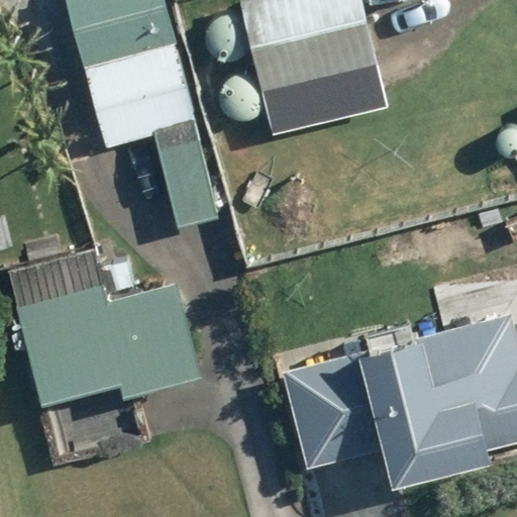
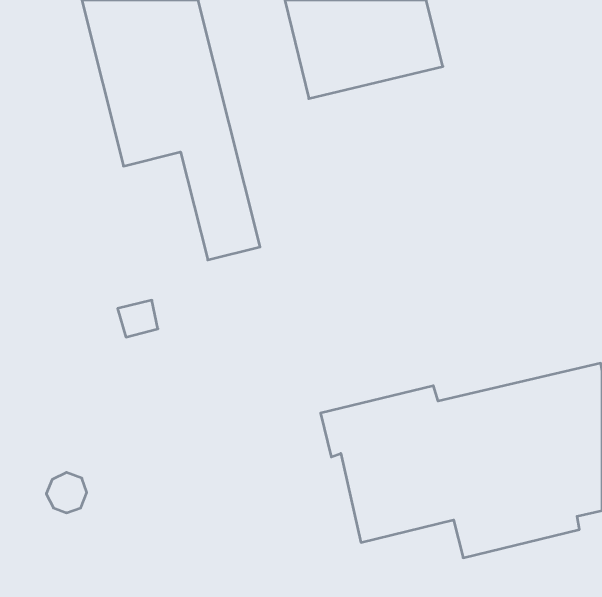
building: [9,254,201,406] -> none

